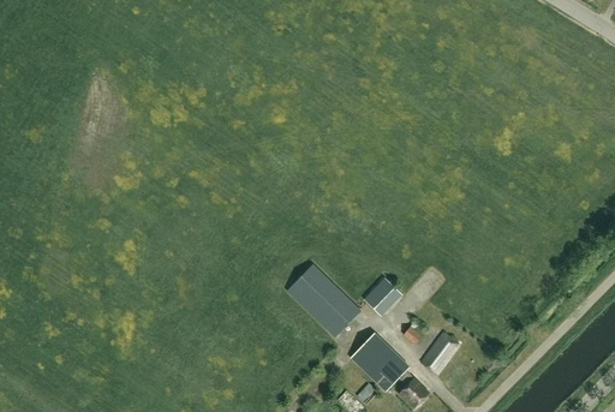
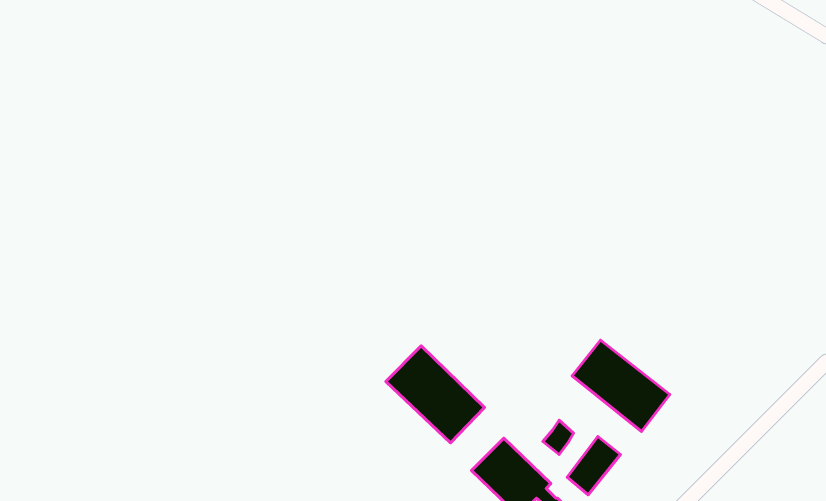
building: none -> [572,340,670,432]
building: [366,274,404,312] -> none

